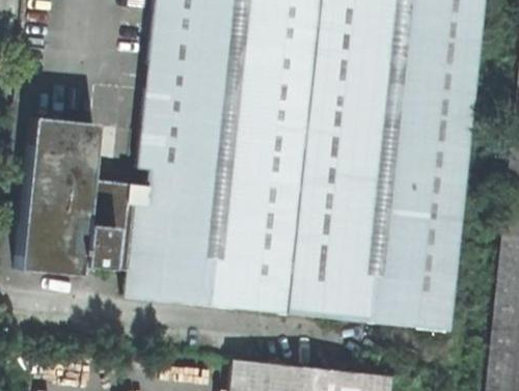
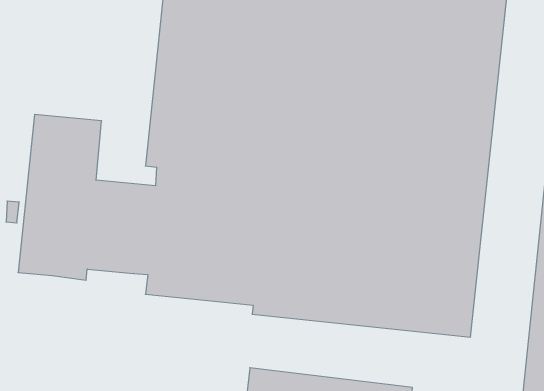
building: [127,269,241,307] -> none

